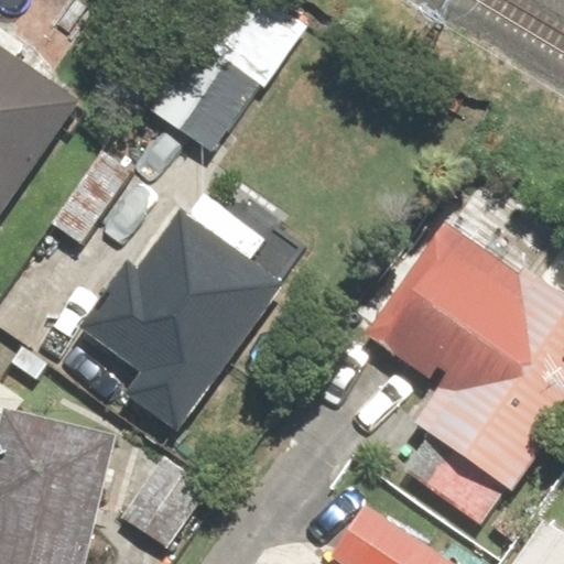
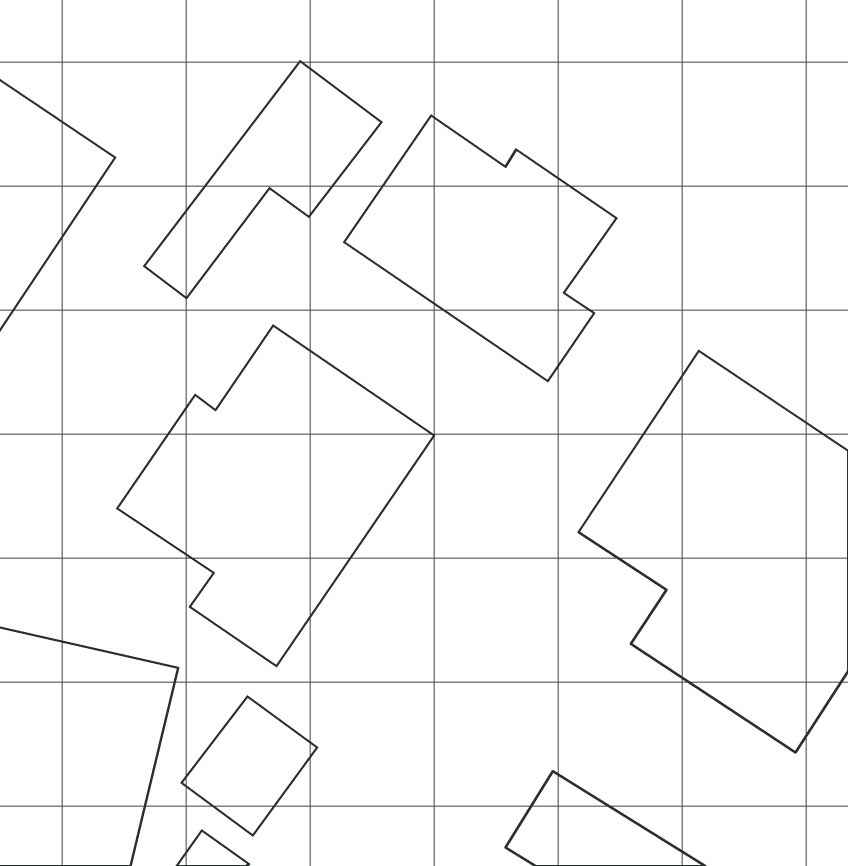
building: none -> [344,115,617,381]

